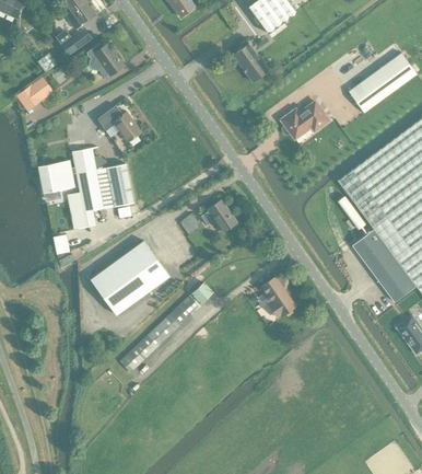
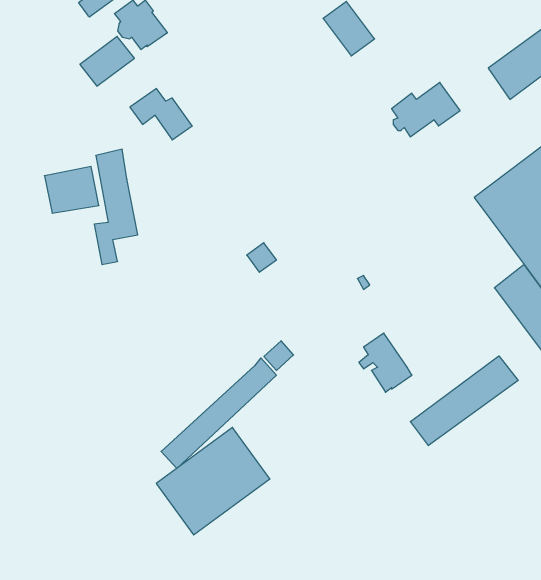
building: [15,76,54,111] -> [80,36,134,86]
building: [95,163,133,208] -> none
building: [200,199,237,232] -> none
building: [90,241,169,316] -> [156,427,270,535]
building: none -> [410,356,518,446]

